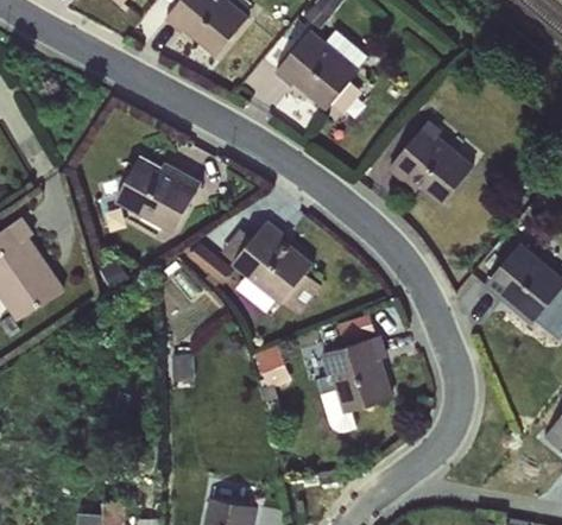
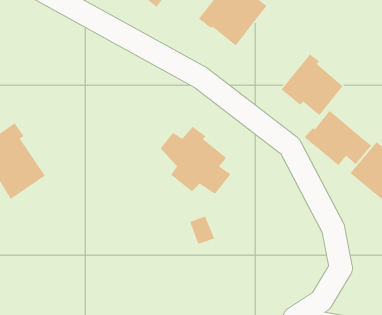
building: [114,154,204,234] -> none
building: none -> [304,110,372,166]
building: [316,334,394,431] -> none

